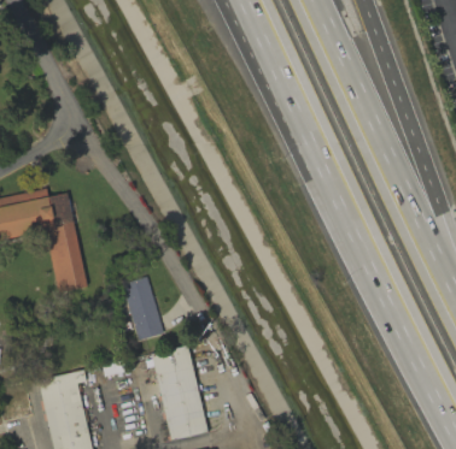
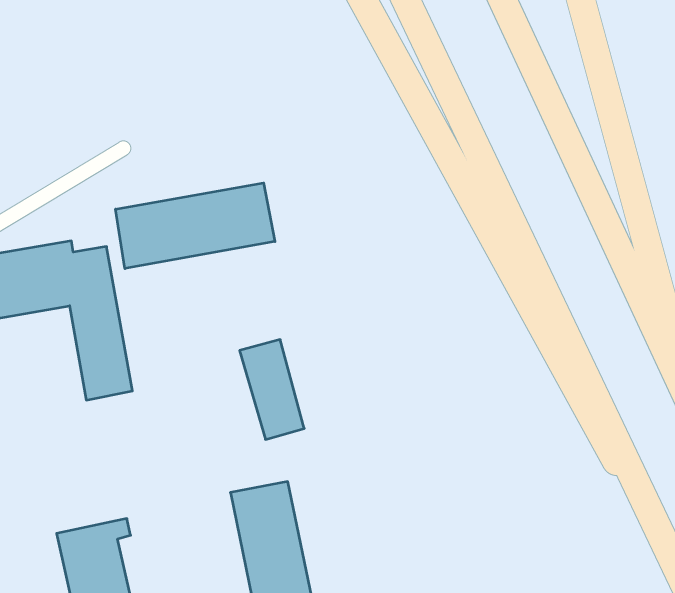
building: none -> [116,183,275,269]
building: [122,277,164,342] -> [240,340,304,439]

